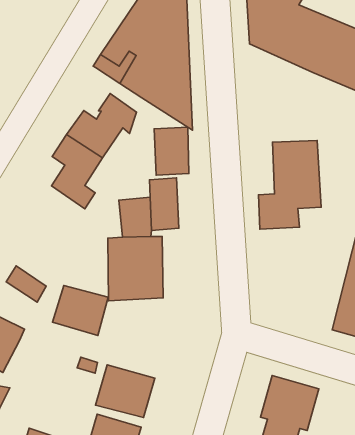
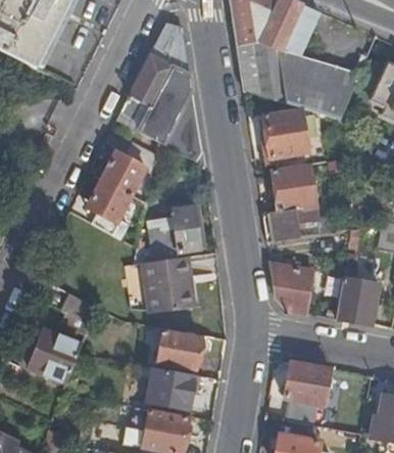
building: none -> [263,107,308,157]
building: [154,127,189,175] -> none
building: none -> [272,263,312,314]
building: [53,285,108,336] -> [157,330,201,369]

